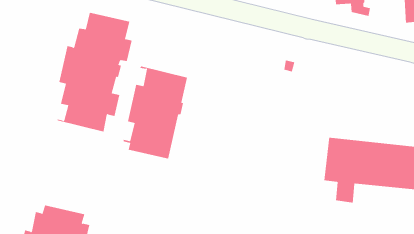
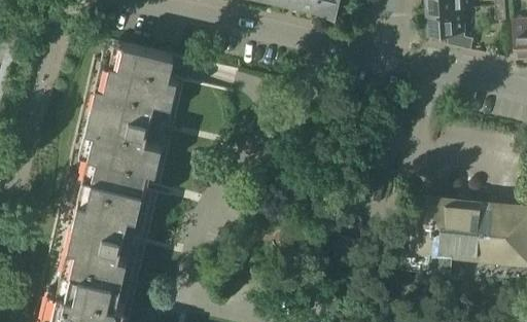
building: [123,66,188,159] -> [63,179,143,294]

